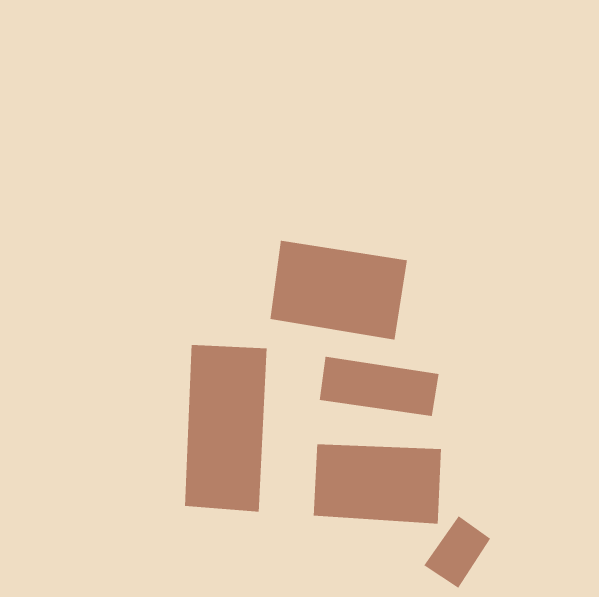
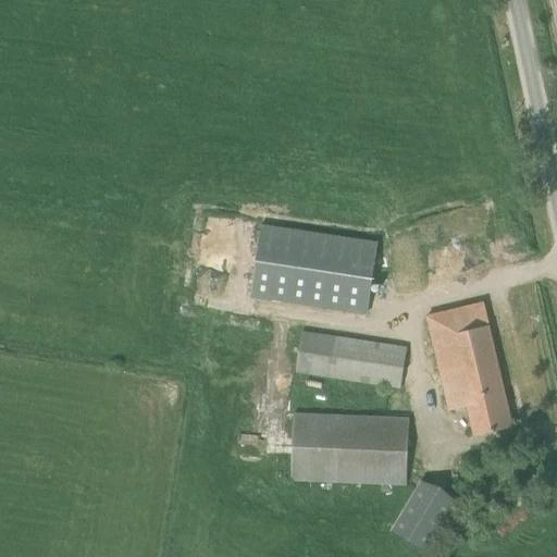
building: none -> [429,304,511,434]
building: [184,344,268,513] -> none

